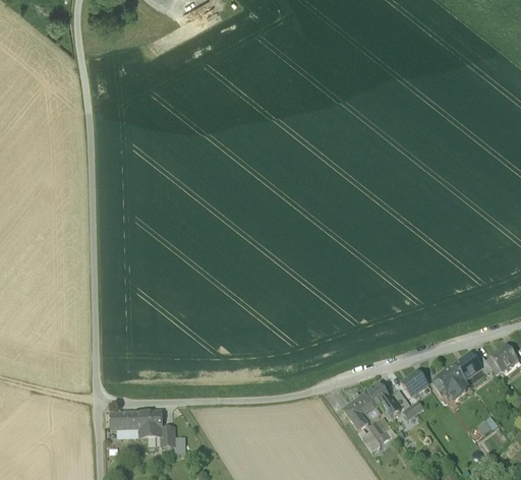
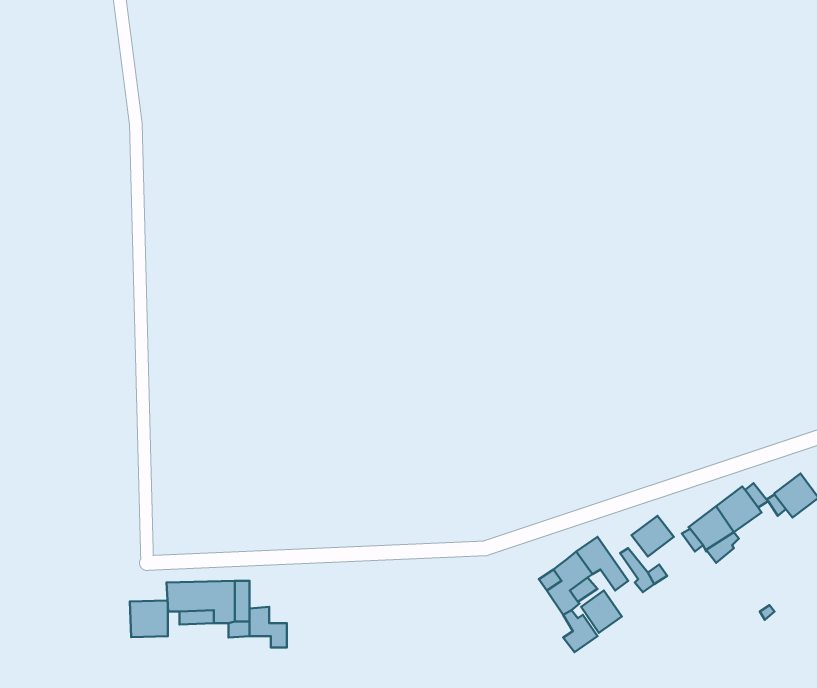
building: none -> [130,601,168,637]

